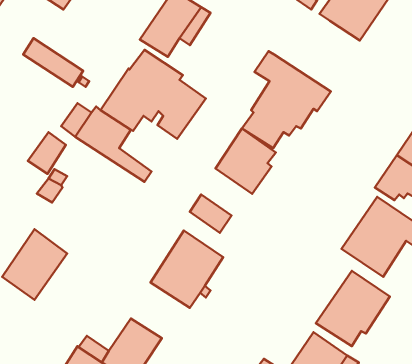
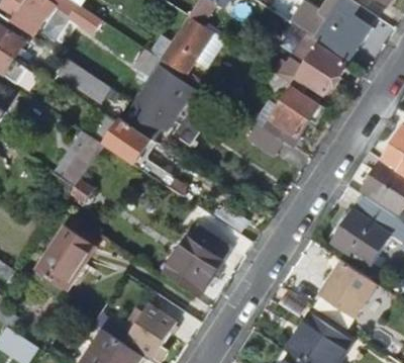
building: none -> [275,34,346,94]
building: [215,129,276,194] -> none

